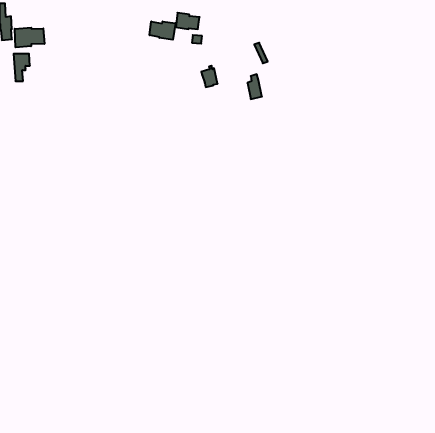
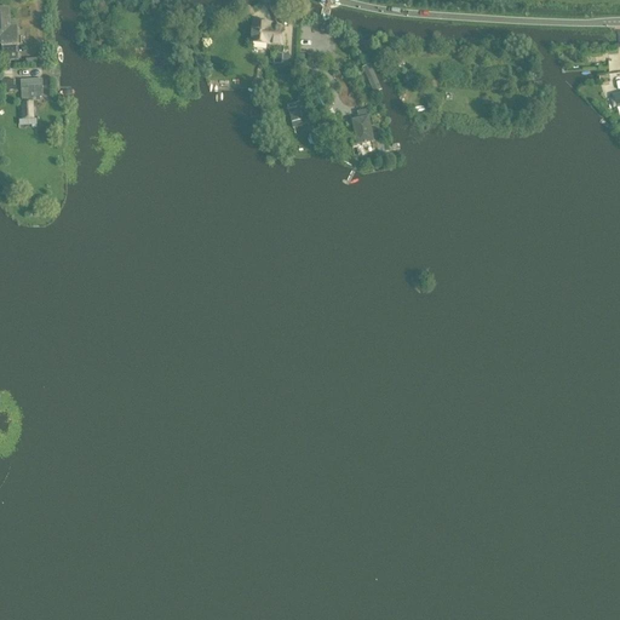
building: [150,21,175,40] -> none
building: [15,28,44,47] -> none

